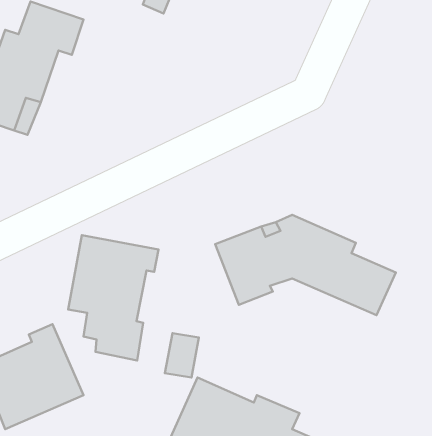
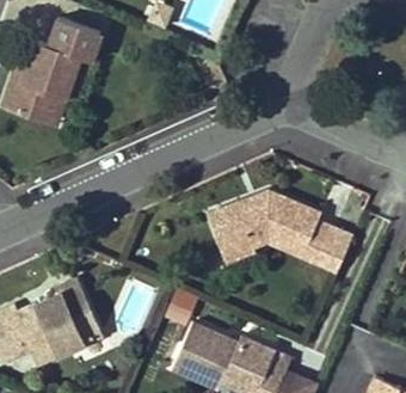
building: [68,235,158,360] -> none

